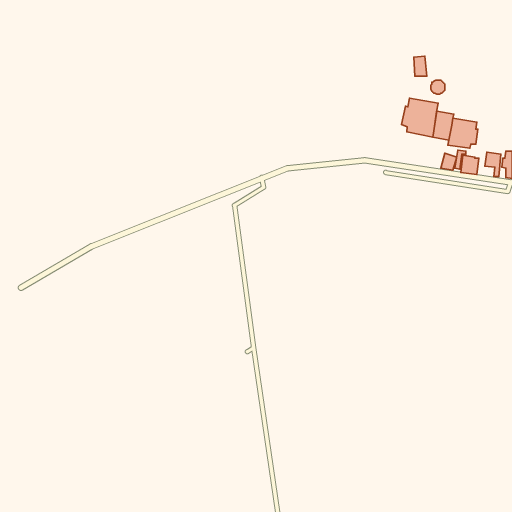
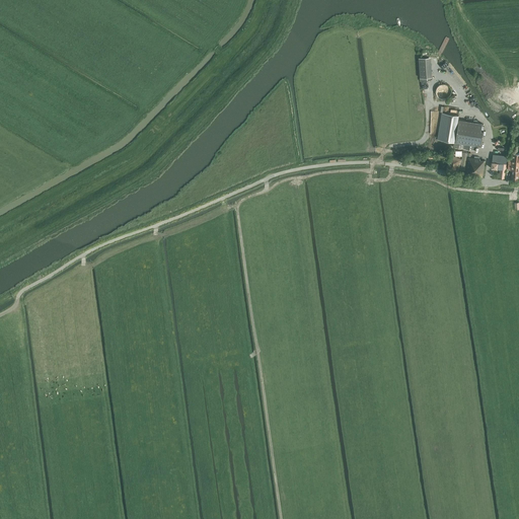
building: [402,98,438,137] -> none

